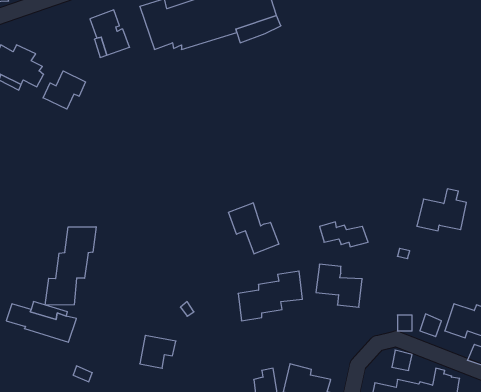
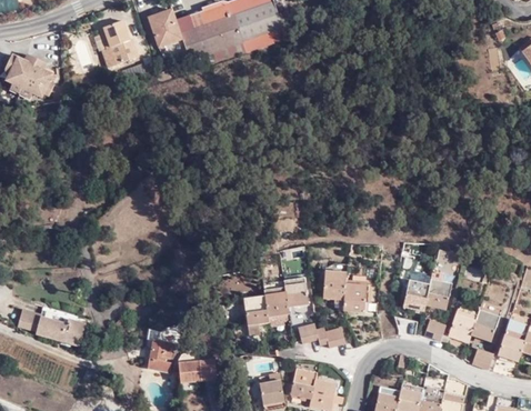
building: [43,71,85,109] -> none
building: [417,189,466,231] -> [402,270,451,311]
building: [228,203,279,254] -> none
building: [320,222,368,247] -> [298,323,345,348]
building: [45,227,96,305] -> none
building: none -> [177,359,216,383]

